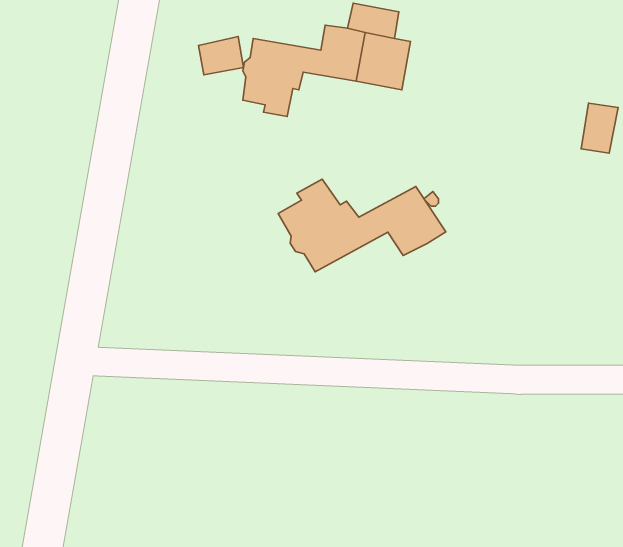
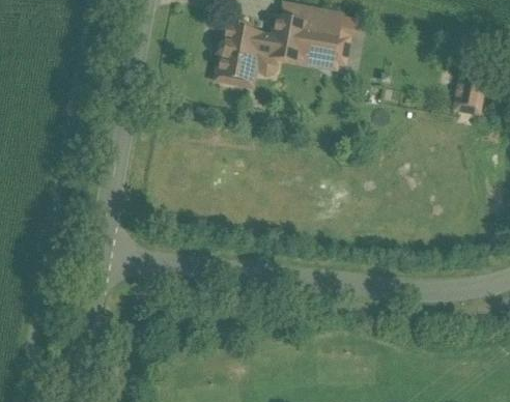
building: [198,37,243,75] -> none
building: [278,179,446,272] -> none

